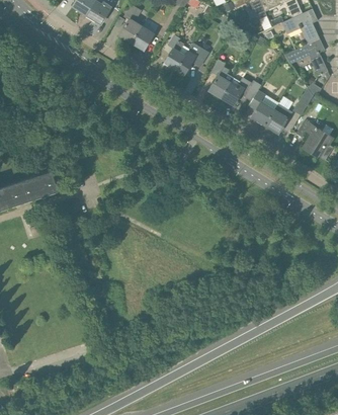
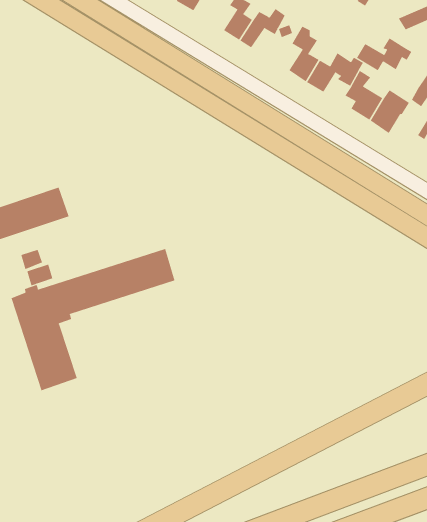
building: none -> [356,38,412,71]
building: none -> [11,248,175,391]

